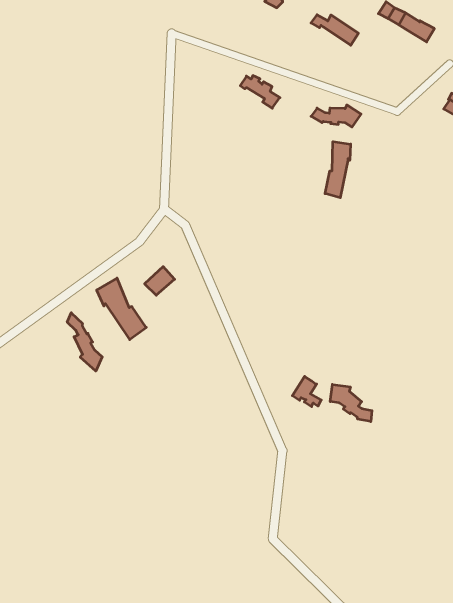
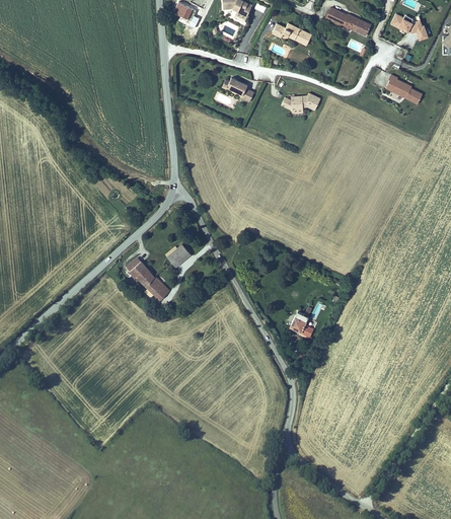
building: [325,142,351,198] -> none
building: [67,313,102,371] -> none
building: [330,384,372,422] -> none

